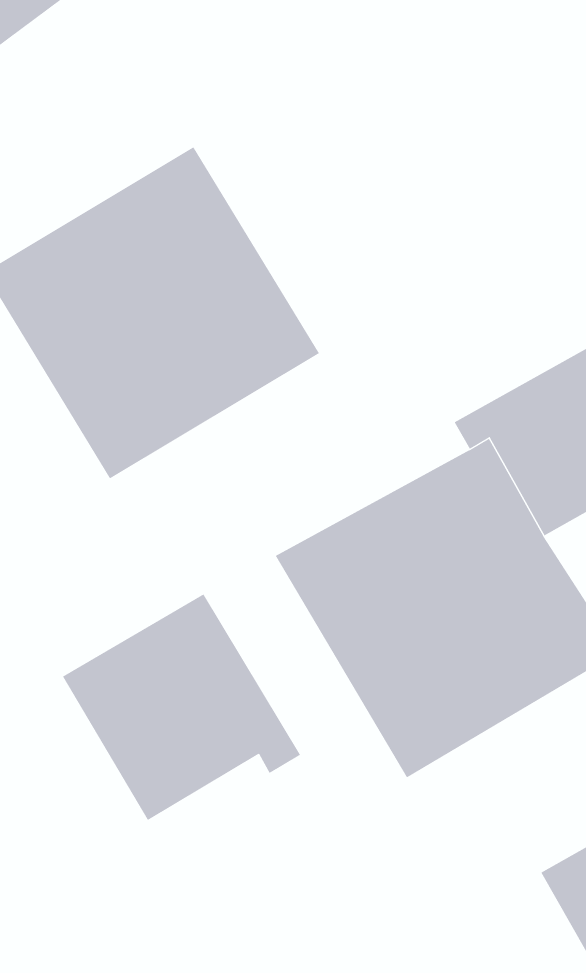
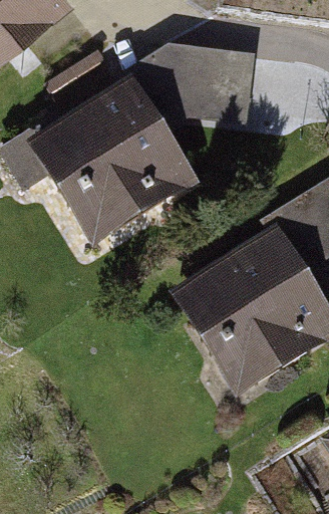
building: none -> [169,49,264,118]
building: [62,593,301,821] -> none

